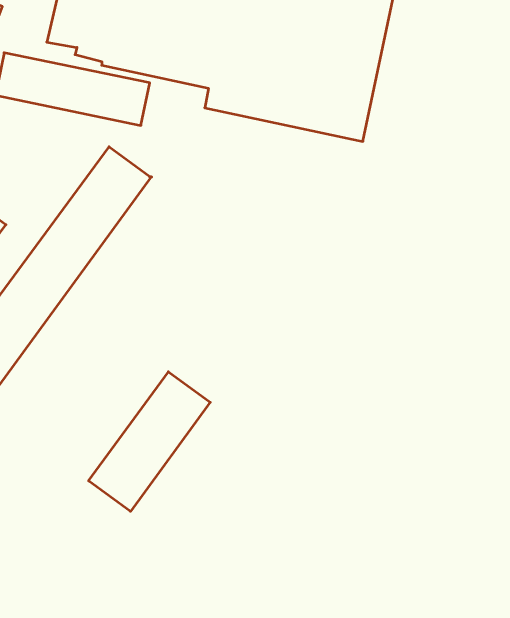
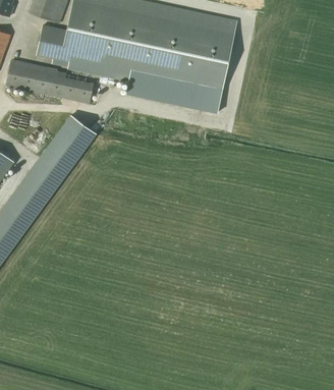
building: [89,372,210,511] -> none

